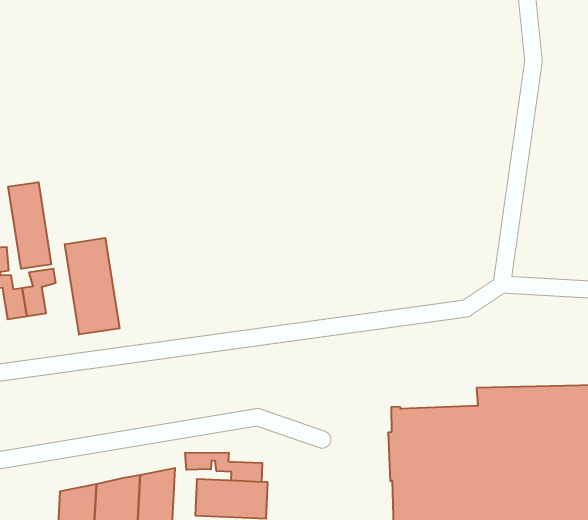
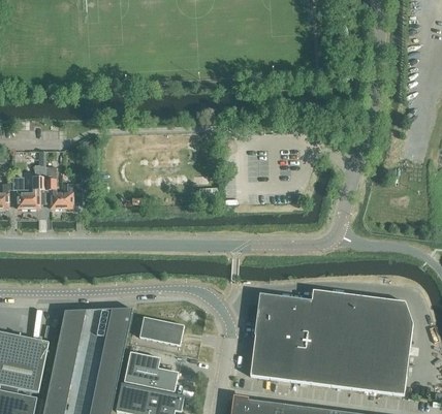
building: [8,182,51,269] -> none
building: [65,238,120,335] -> none
building: [185,453,262,482] -> none

